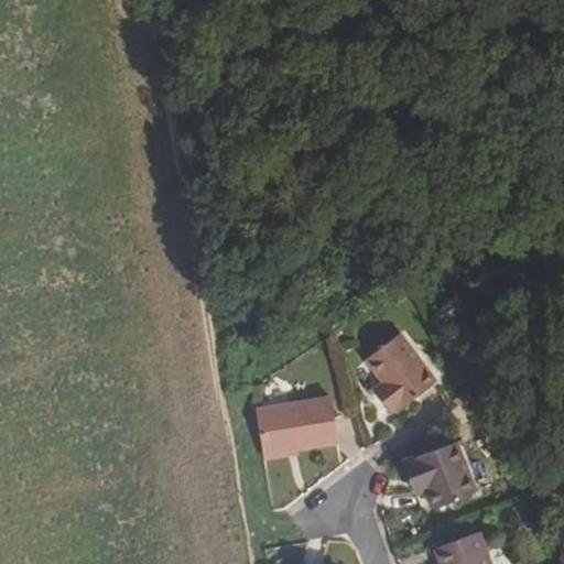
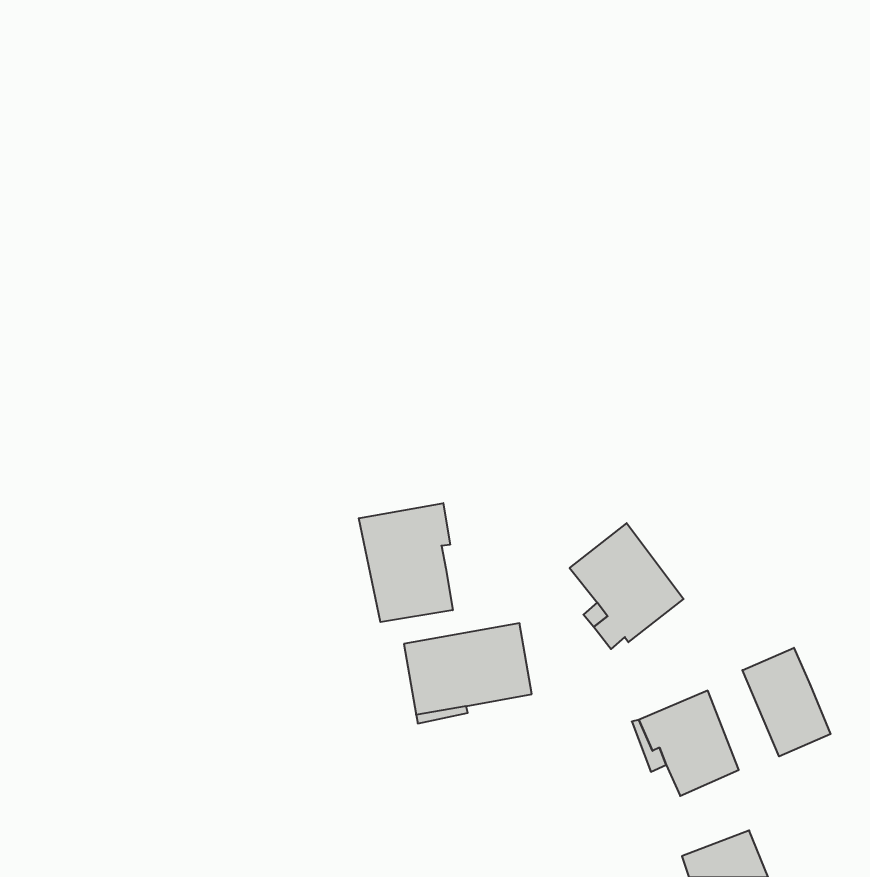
building: none -> [359,503,453,622]
building: none -> [742,648,831,756]

